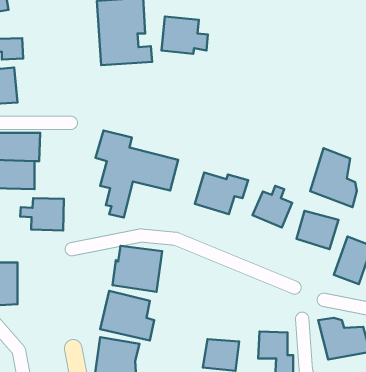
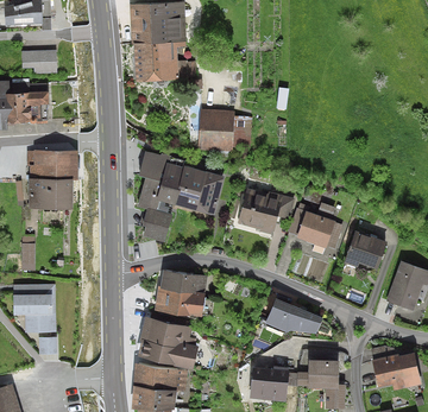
building: [161,17,208,54] -> [197,110,246,150]
building: [310,148,357,207] -> none
building: [20,198,64,231] -> none
building: none -> [266,299,325,334]

